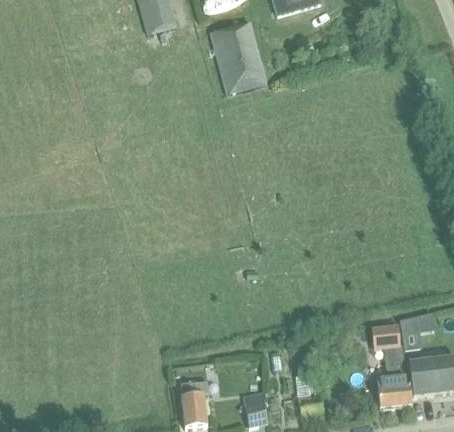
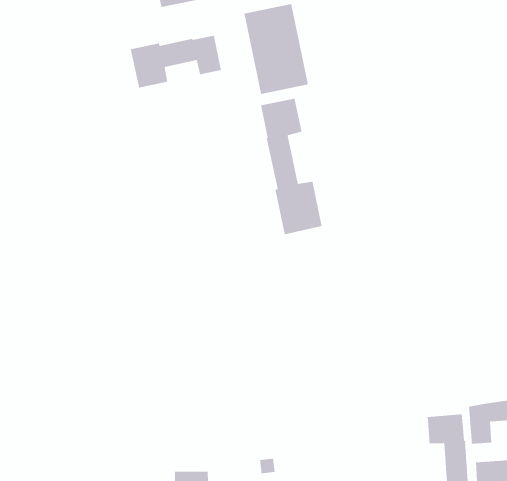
building: none -> [130,35,222,88]
building: none -> [260,98,323,235]

